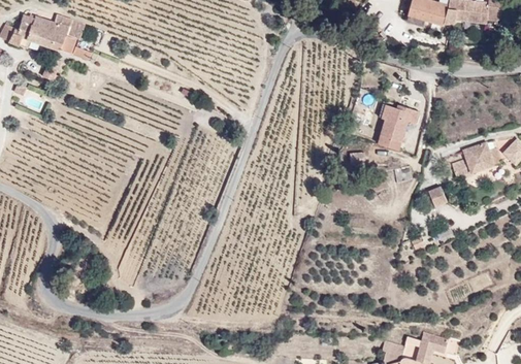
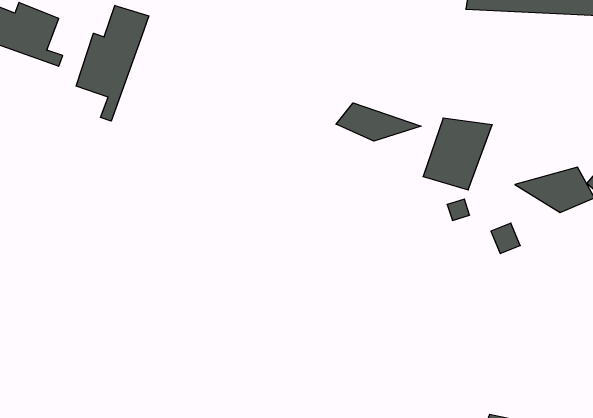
building: none -> [76,5,149,121]
building: none -> [336,103,421,141]

